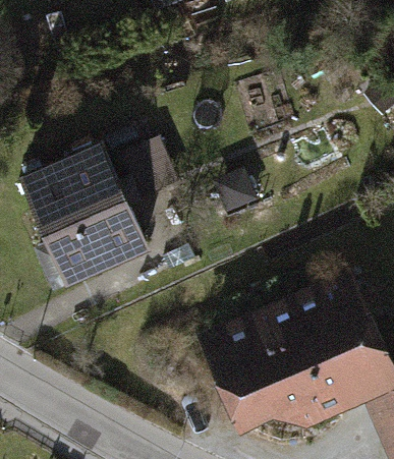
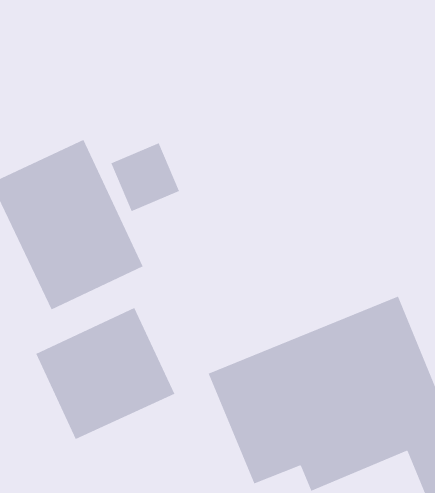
building: none -> [35,307,175,440]

